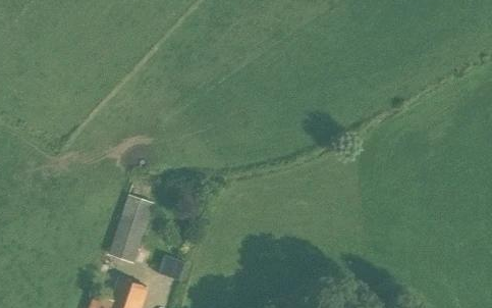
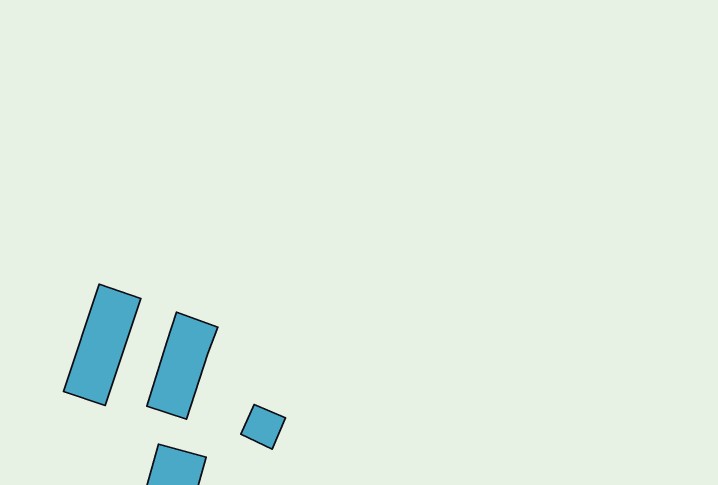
building: none -> [64,284,141,406]

